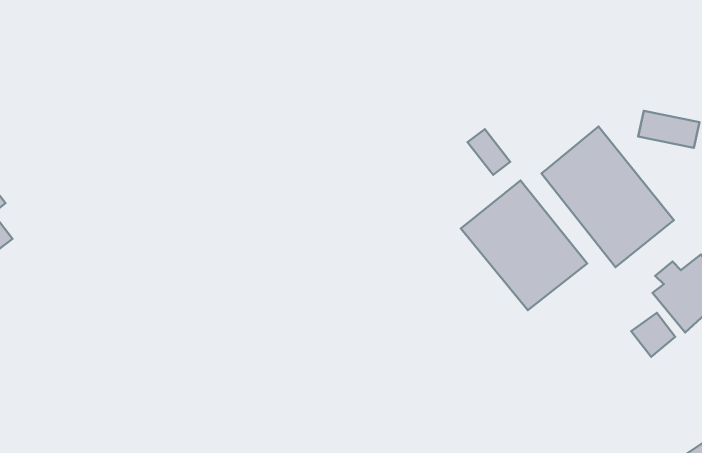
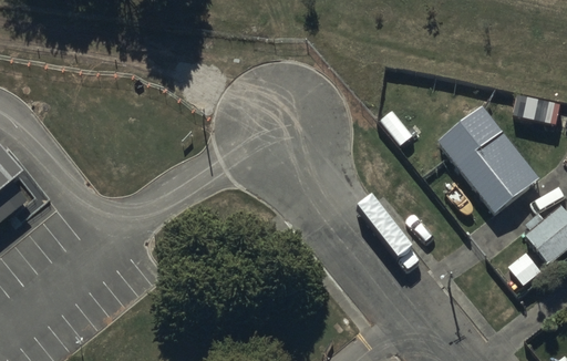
building: [461,181,587,310] -> none

